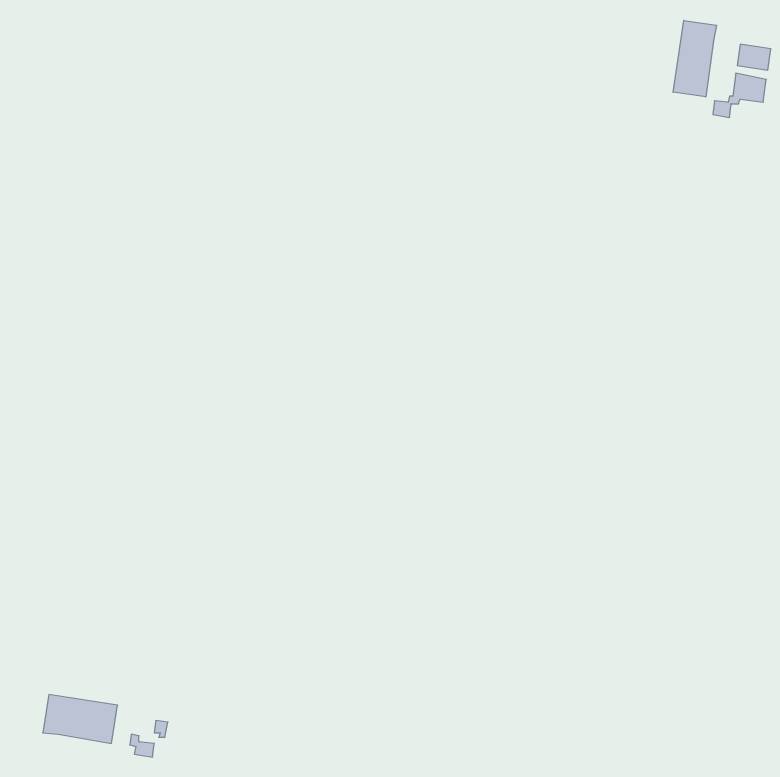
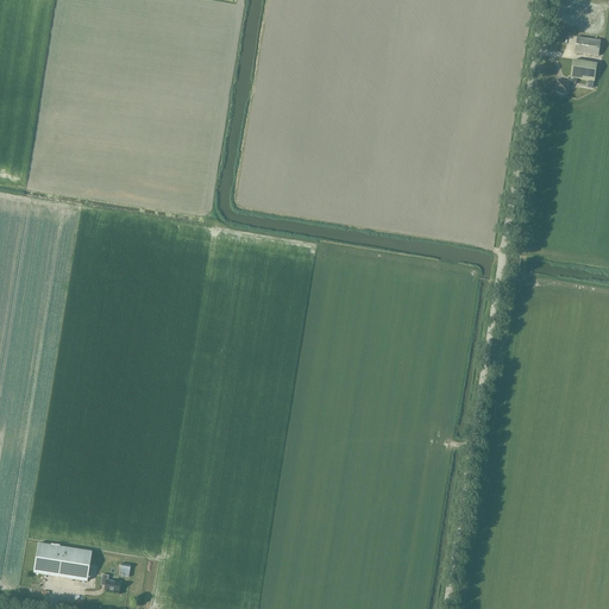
building: [673,20,717,97] -> none

